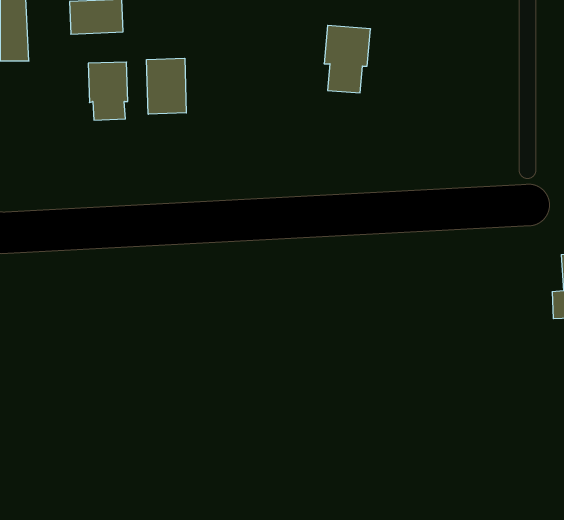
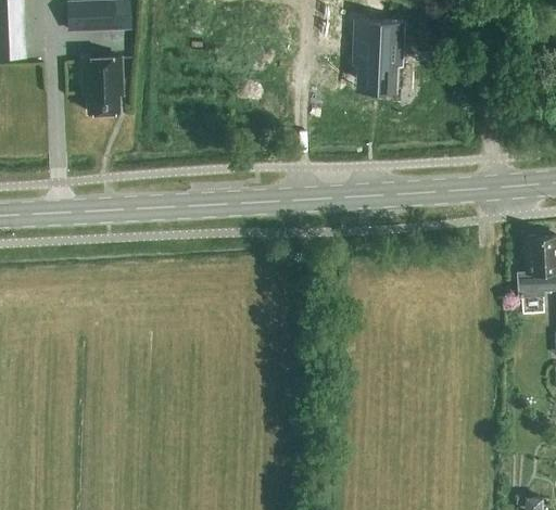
building: [324,25,371,93] -> [356,21,400,84]
building: [147,58,186,114] -> none

